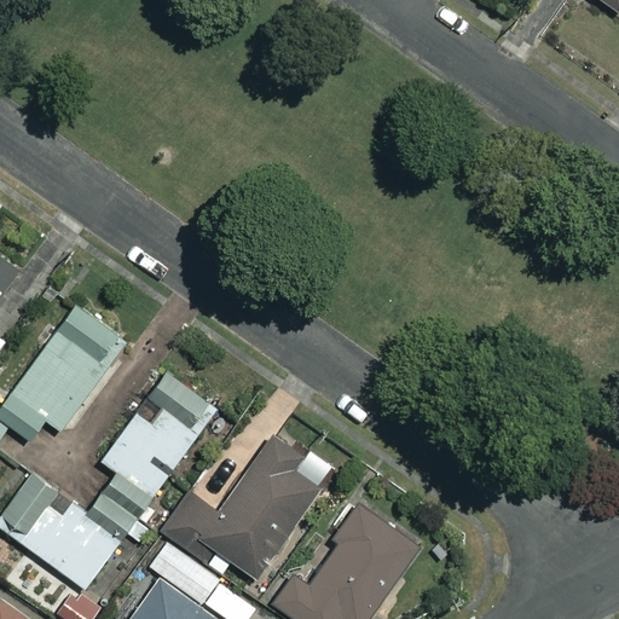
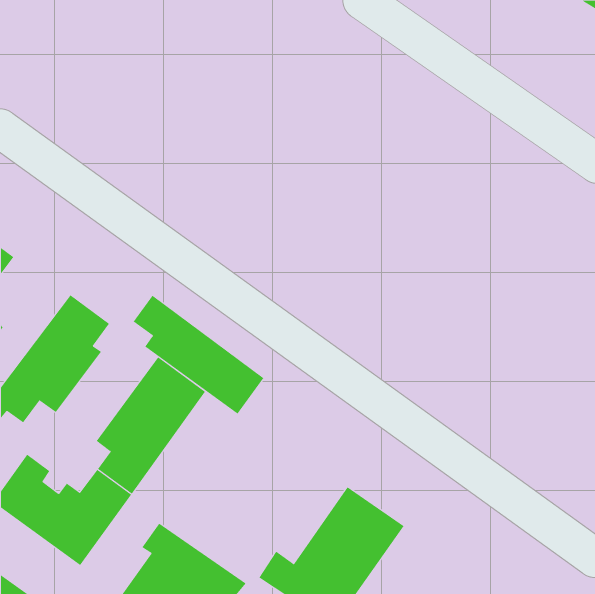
building: none -> [133,295,264,415]
building: [164,436,318,578] -> none

